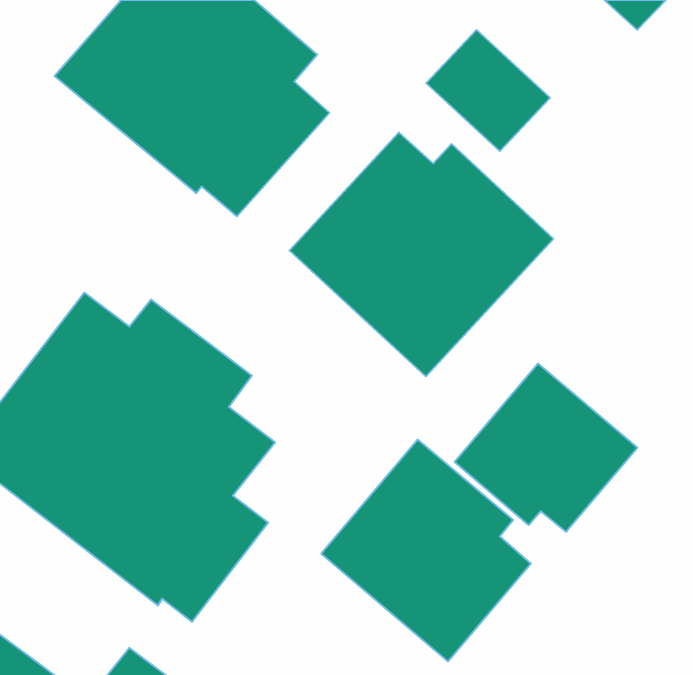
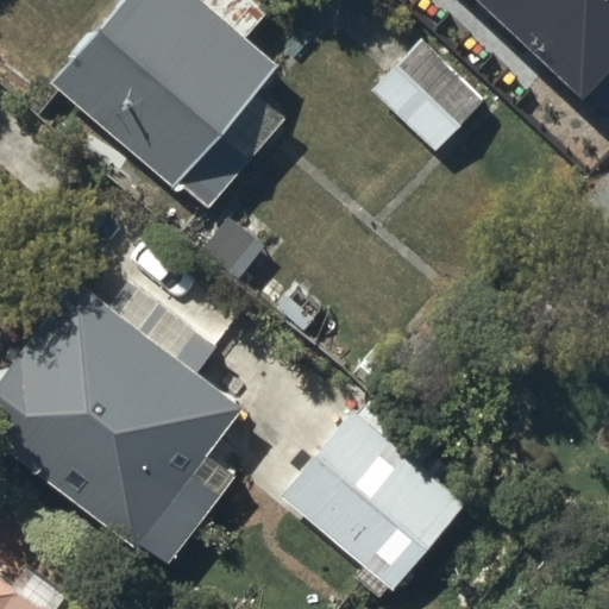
building: [289,132,553,376] -> none
building: [455,364,637,532] -> none

